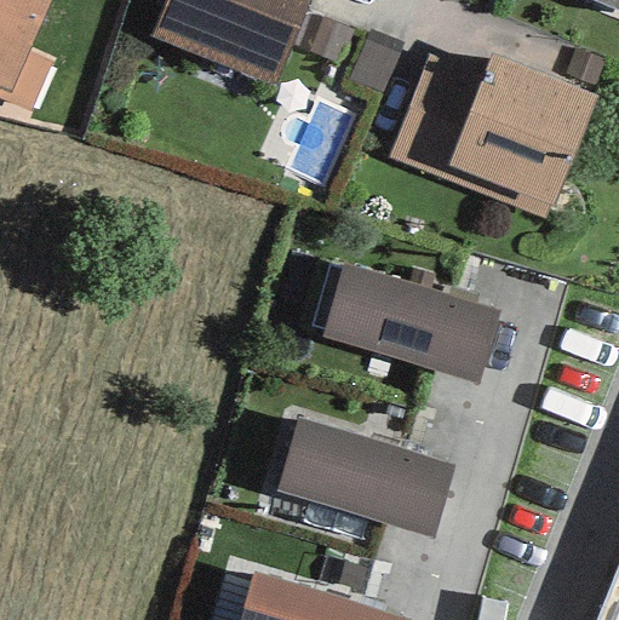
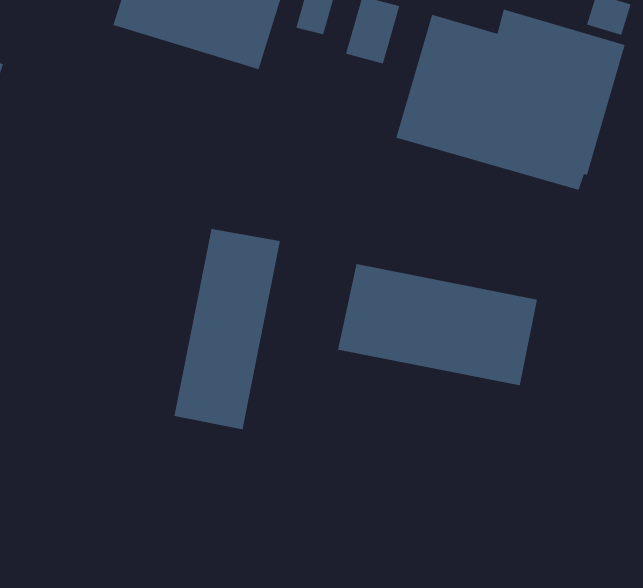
building: none -> [174,228,281,430]
building: [276,418,457,538] -> none

